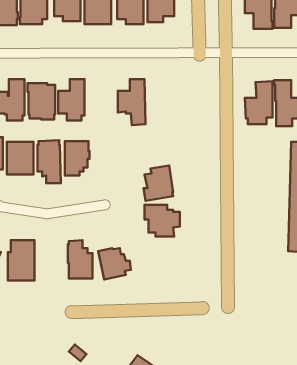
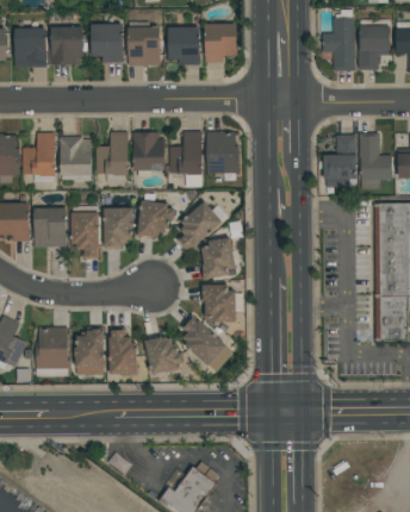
building: none -> [207,131,240,174]
building: none -> [132,132,166,176]
building: none -> [138,193,176,238]
building: none -> [176,201,223,252]
building: none -> [181,314,234,373]
building: none -> [75,326,105,375]

